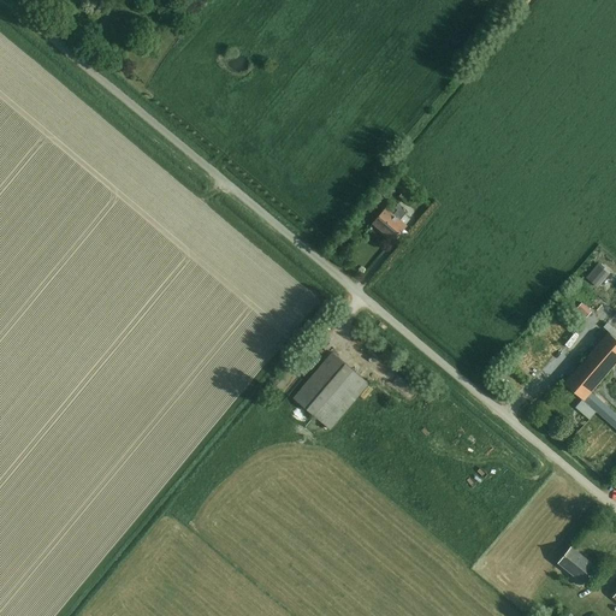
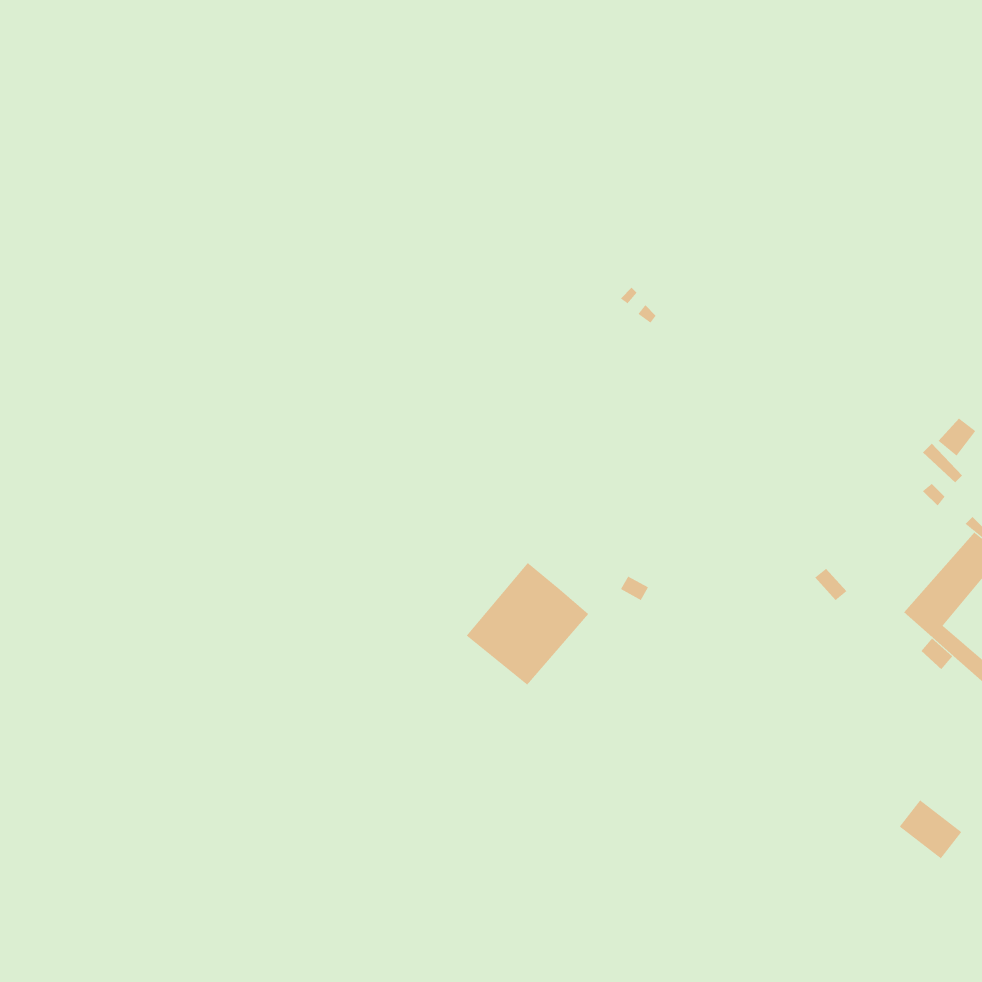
building: [373,203,405,239] -> none
building: [557,546,597,584] -> [899,799,962,859]

